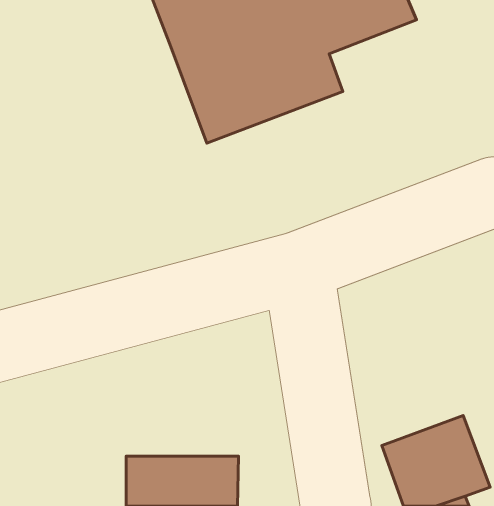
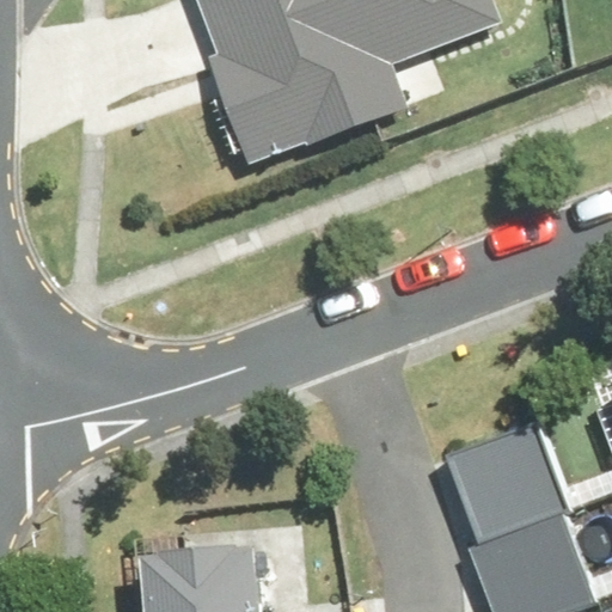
building: none -> [445,416,557,530]

